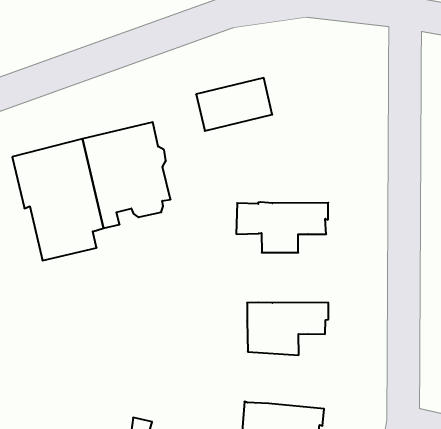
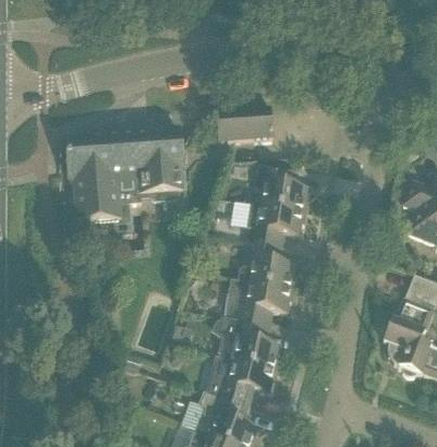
building: none -> [256,165,307,213]
building: none -> [239,243,295,290]
building: none -> [215,318,280,372]

